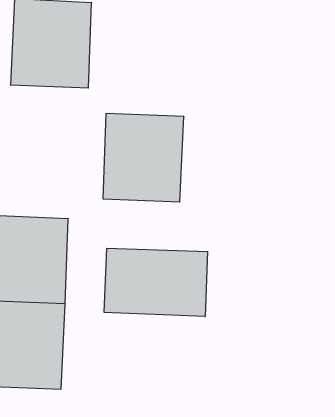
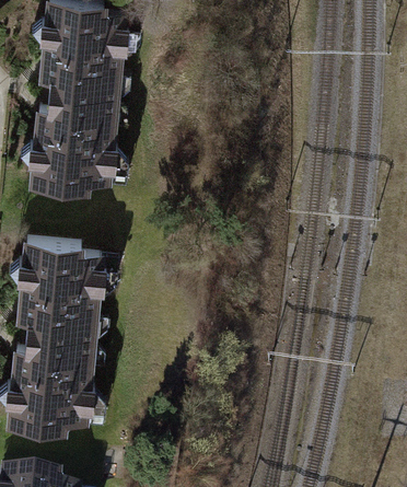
building: [103,113,184,202] -> [35,97,123,193]
building: [104,248,208,317] -> none

